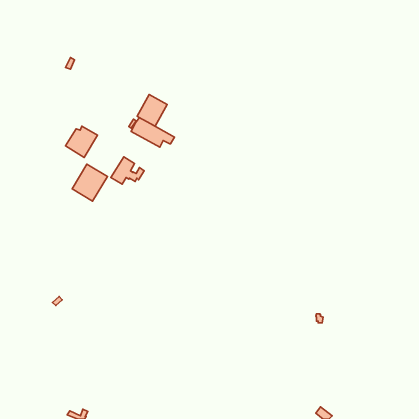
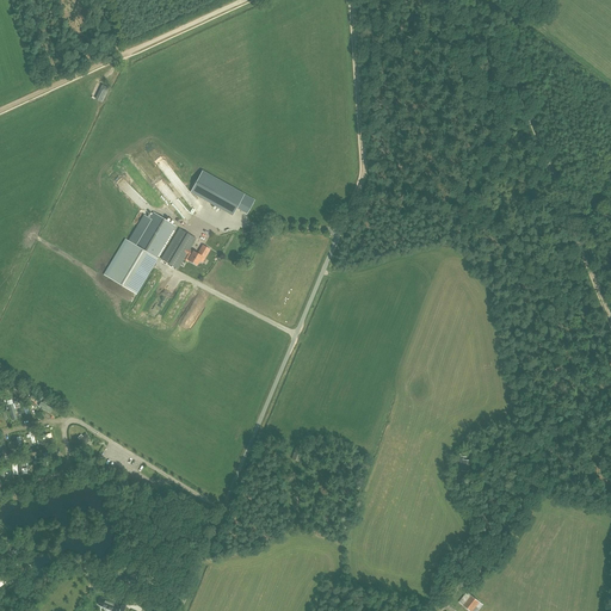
building: [137,95,167,126] -> none
building: [65,126,97,157] -> [129,211,175,257]

